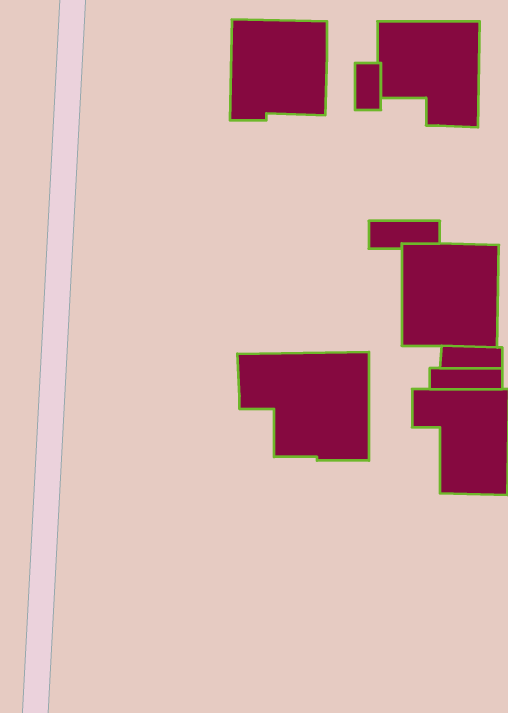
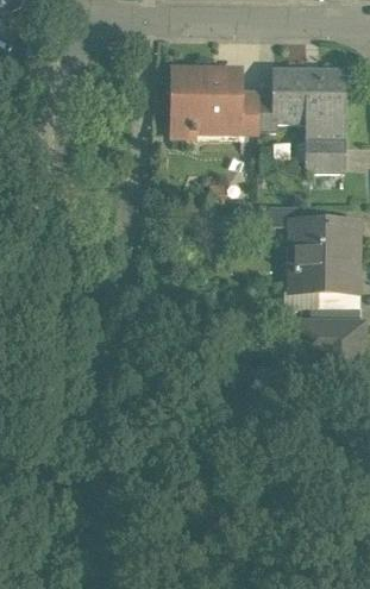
building: none -> [236,92,257,132]
building: none -> [303,139,340,170]
building: [237,352,369,461] -> none

